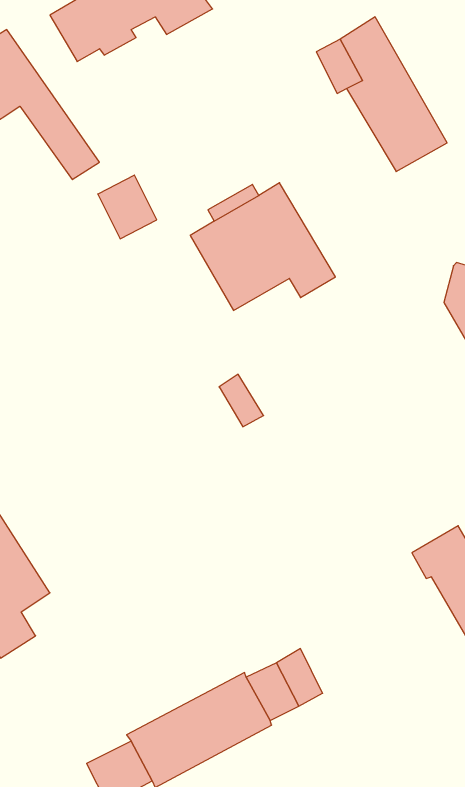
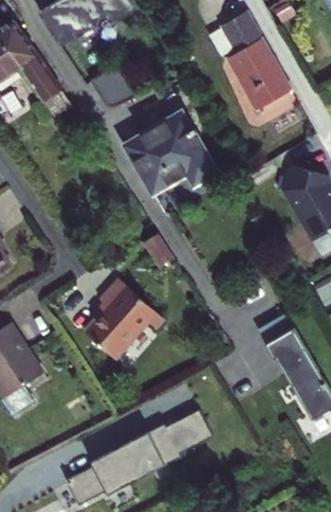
building: [98,175,157,239] -> [97,64,134,104]
building: none -> [83,279,163,358]

